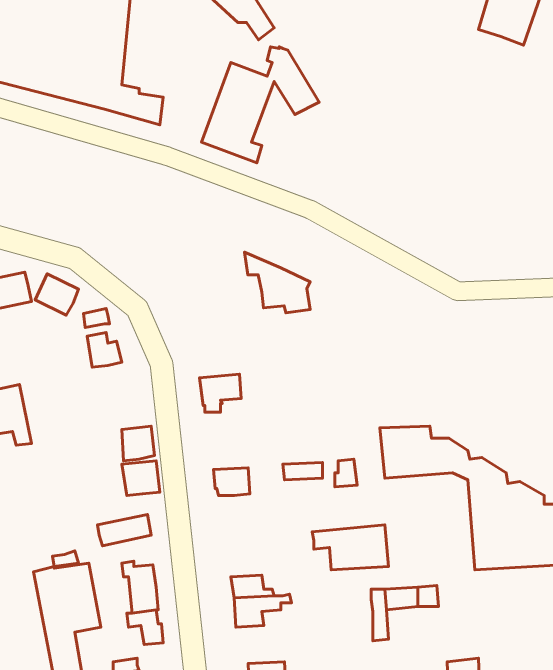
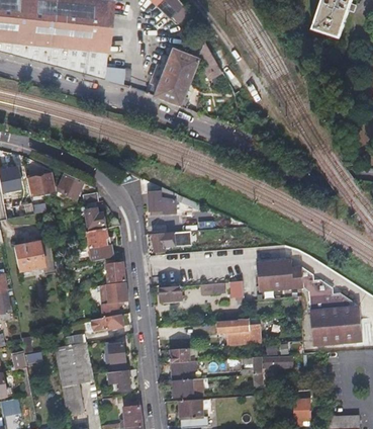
building: [244,252,310,313] -> [138,178,177,213]
building: none -> [86,227,113,260]
building: none -> [172,377,198,397]

